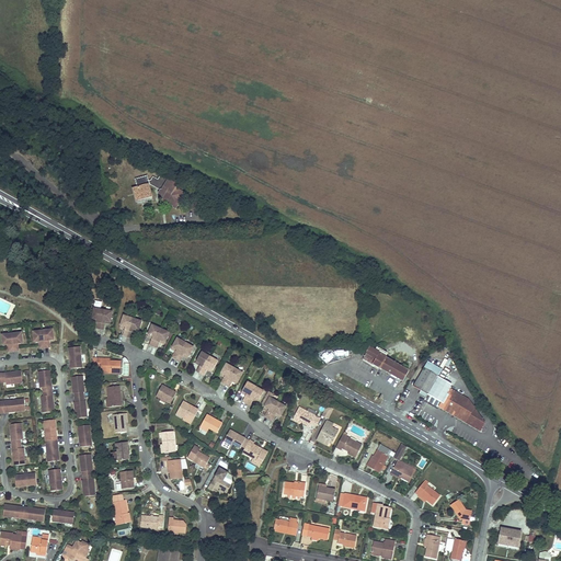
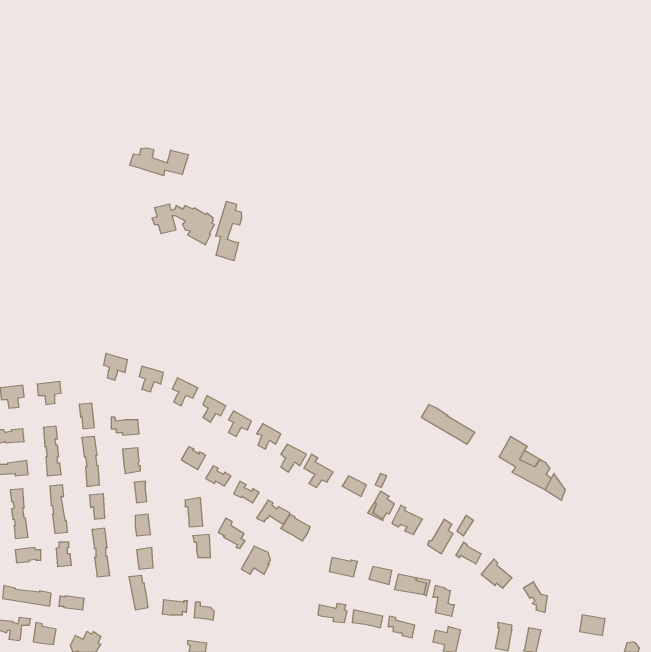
building: none -> [130,148,188,176]
building: none -> [216,201,241,261]
building: [413,359,443,396] -> none

